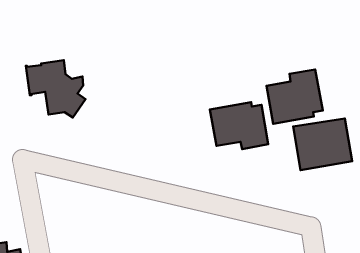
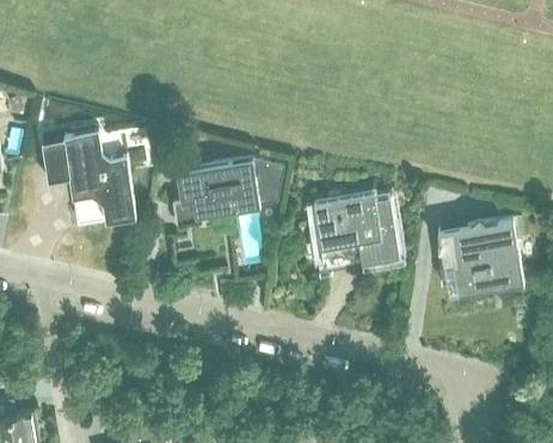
building: [267,69,323,124] -> none
building: none -> [177,160,284,215]

